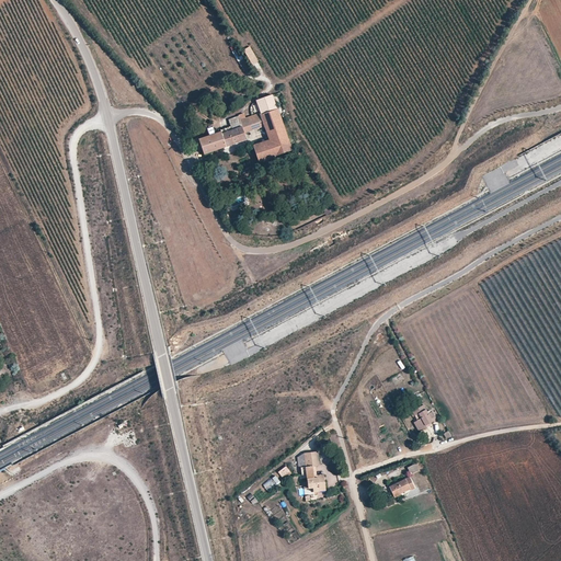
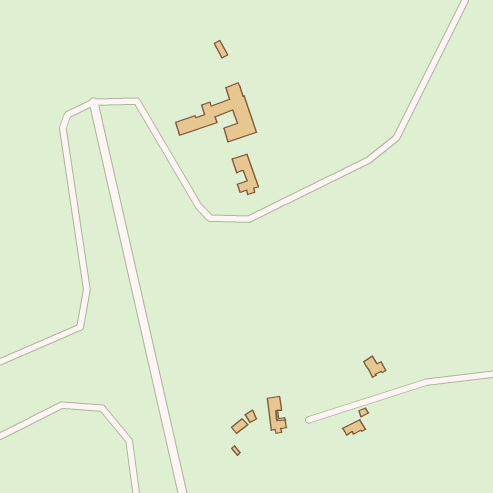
building: none -> [232,154,258,195]

